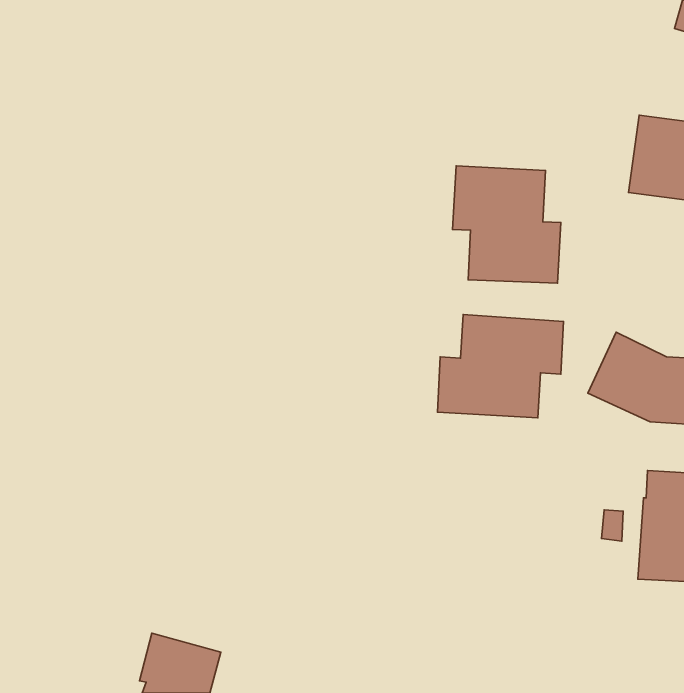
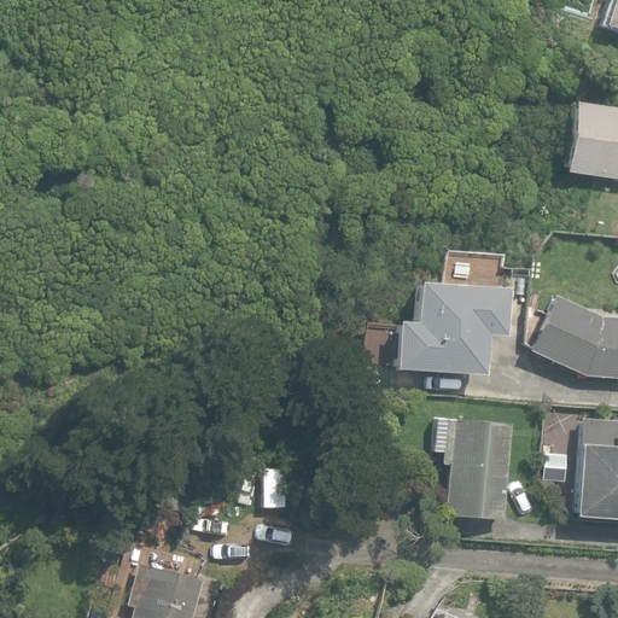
building: [453,166,561,283] -> none
building: none -> [437,419,513,520]

